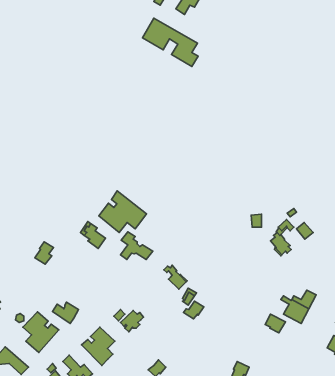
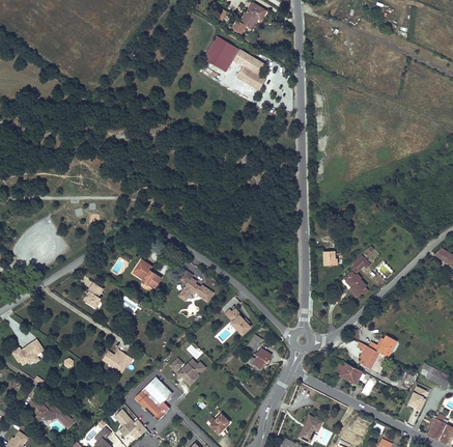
building: [99,191,147,233] -> none
building: [23,312,59,352] -> none

